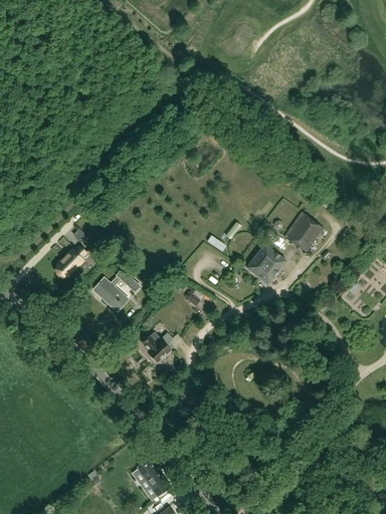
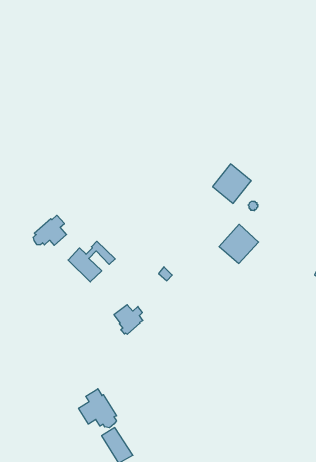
building: [284,213,324,253] -> [213,164,251,203]
building: none -> [79,389,117,428]

